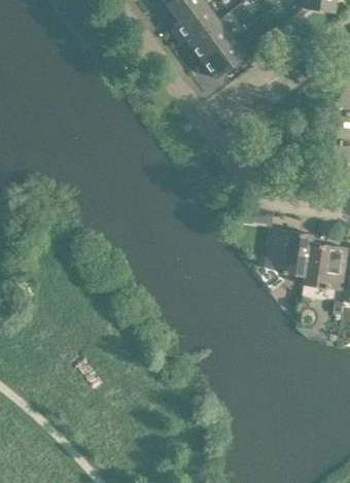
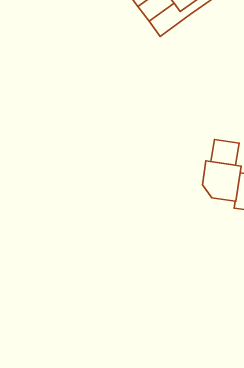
building: none -> [211,140,239,165]

